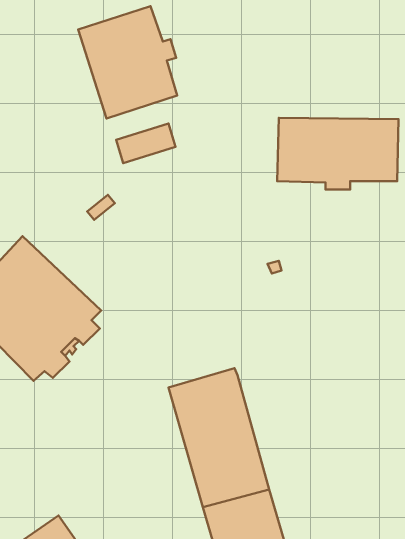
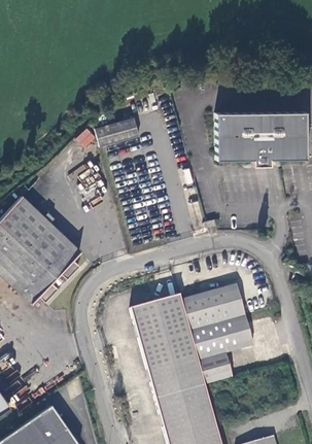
building: [78,6,177,118] -> none
building: none -> [182,284,254,384]

